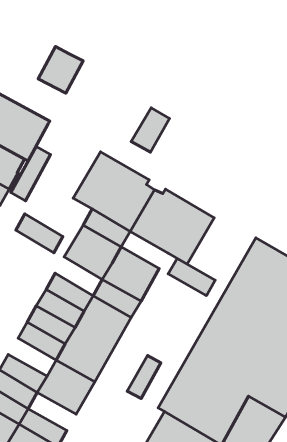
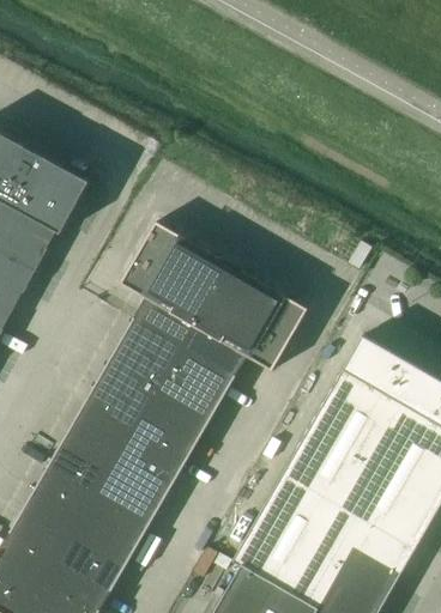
building: [38,47,83,93] -> none
building: [131,108,169,152] -> none
building: [11,146,51,201] -> none
building: [16,214,63,253] -> [96,360,158,412]
building: [168,258,215,296] -> [183,327,246,376]
building: none -> [34,468,97,518]
building: [127,355,161,398] -> none
building: none -> [60,540,123,590]

